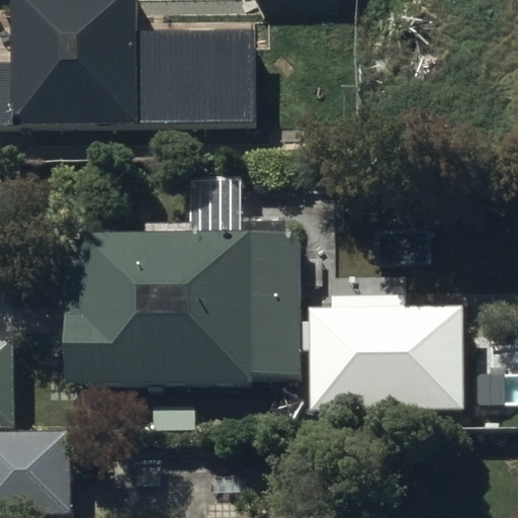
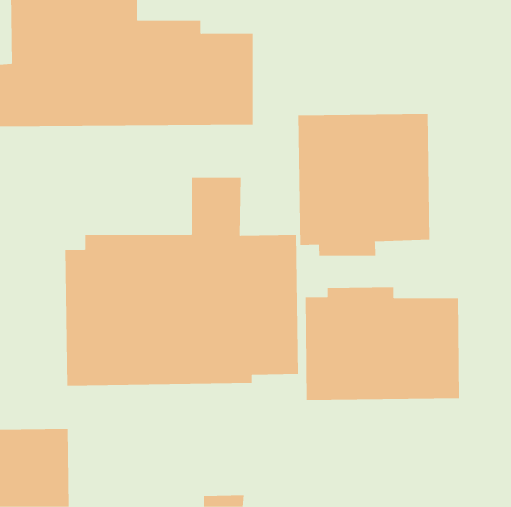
building: none -> [298,113,430,257]

